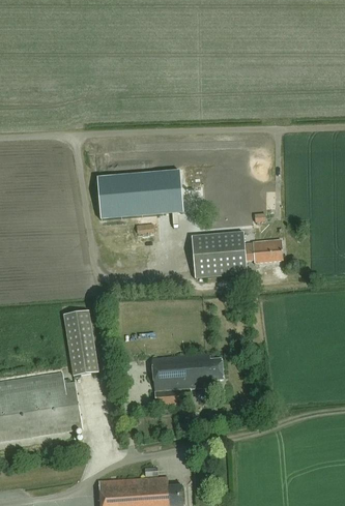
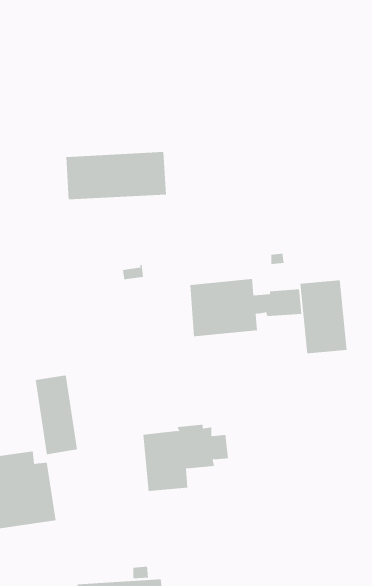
building: [96,178,179,217] -> [65,152,167,200]
building: none -> [300,280,347,354]

